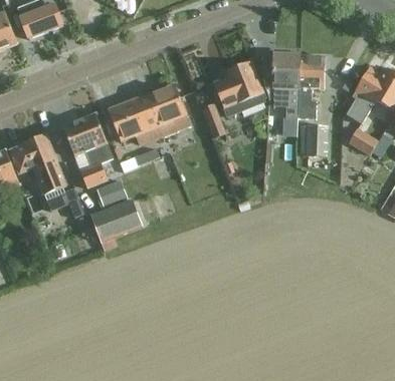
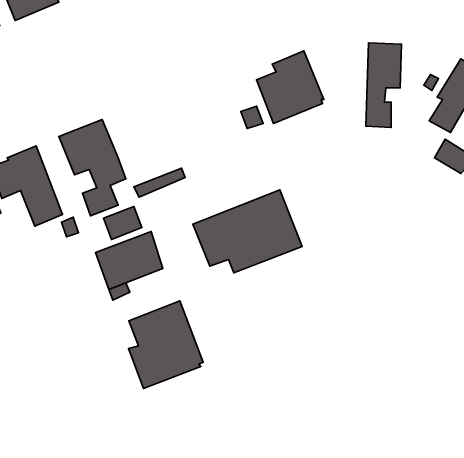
building: [260,54,299,118] -> none
building: [108,83,191,146] -> [193,190,302,273]
building: [306,124,327,156] -> none
building: none -> [129,301,203,389]

